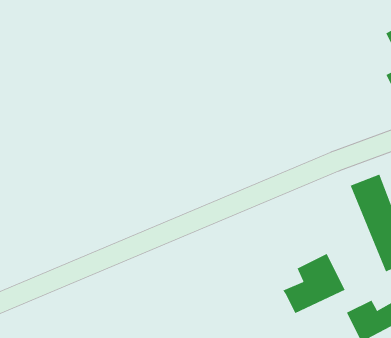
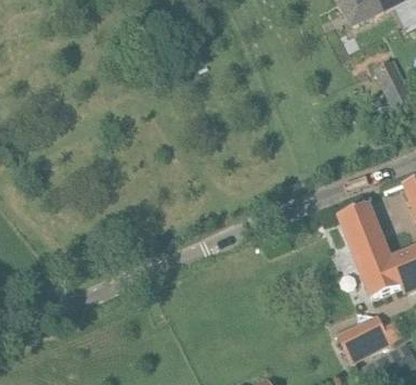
building: [283,253,345,314] -> none

